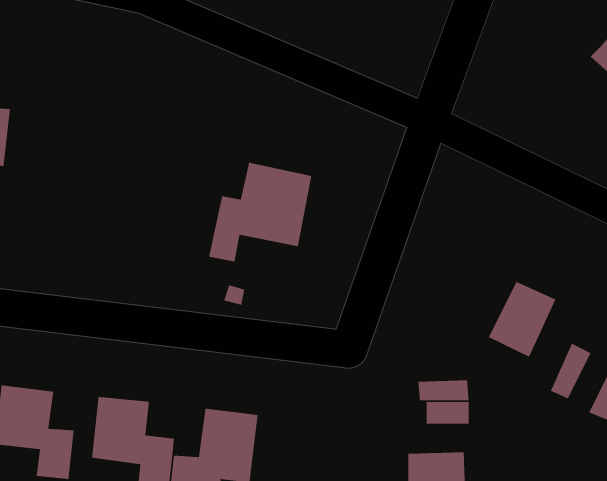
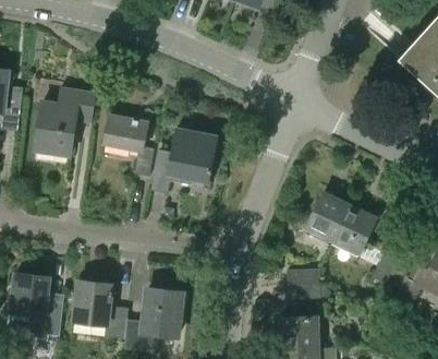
building: none -> [35,87,96,157]
building: none -> [104,115,156,176]
building: none -> [305,192,351,242]

